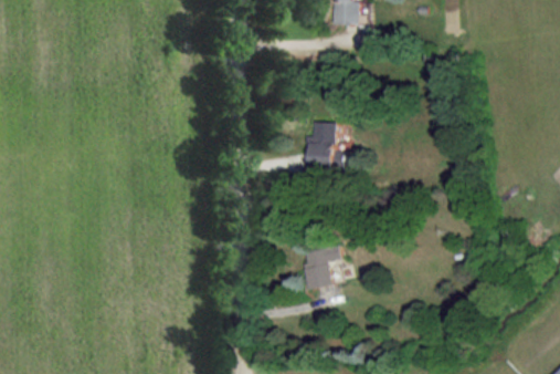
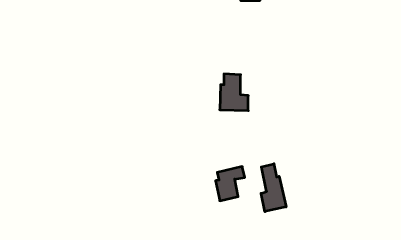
building: none -> [261,164,286,212]

